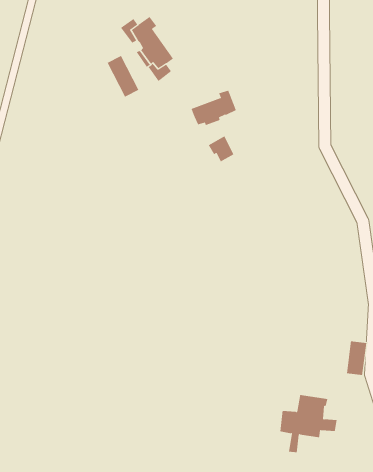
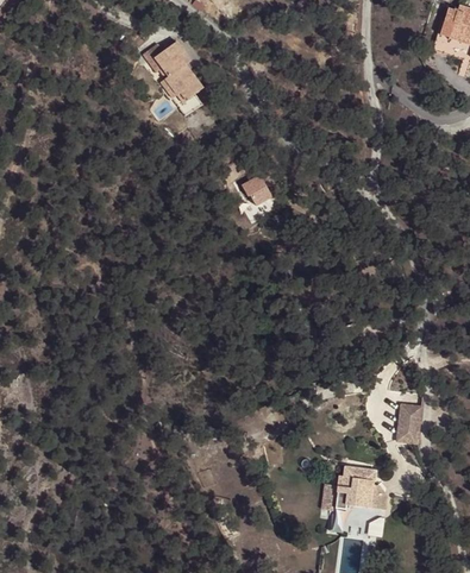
building: [107,55,139,97] -> none
building: [191,90,237,126] -> none

